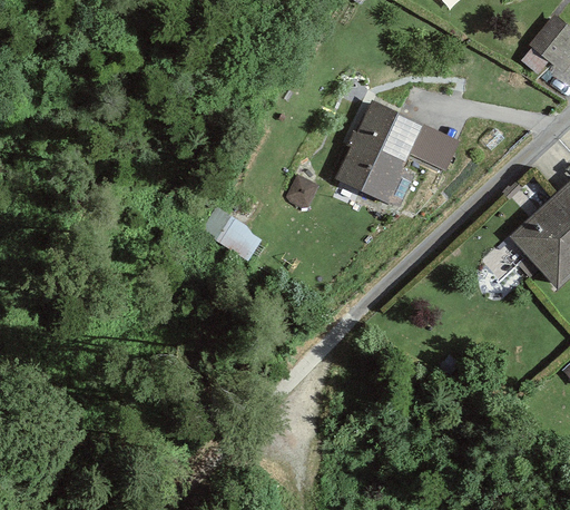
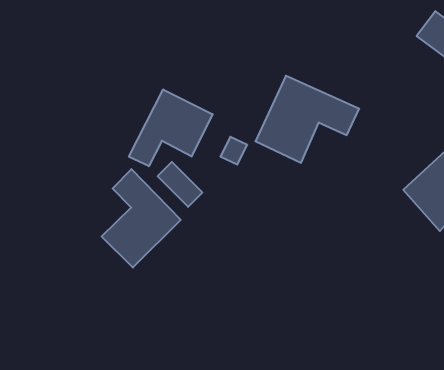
building: none -> [129,89,213,166]
building: none -> [102,169,181,268]

